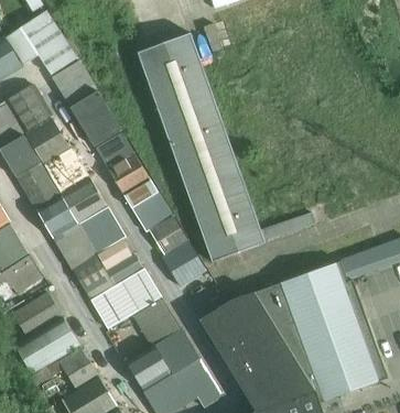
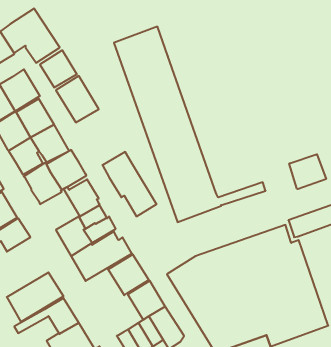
building: [98,131,151,192] -> none
building: none -> [289,154,326,189]
building: [53,221,99,269] -> none
building: [164,241,206,285] -> none
building: [12,291,61,335] -> none
building: [127,345,173,391] -> none

